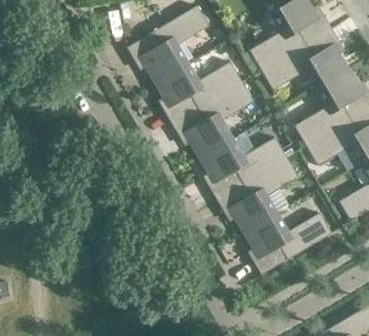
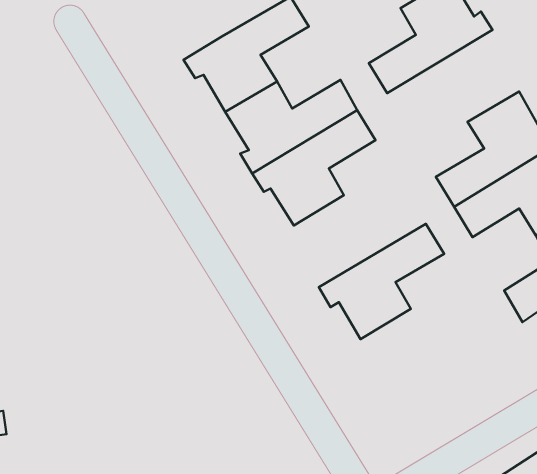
building: [262,28,349,90] -> none
building: [199,136,287,198] -> none
building: [244,212,332,274] -> none

